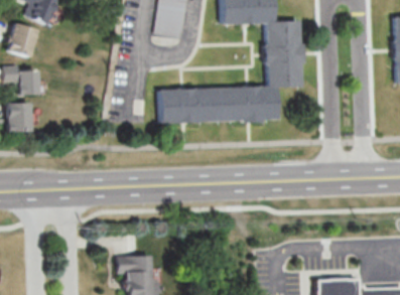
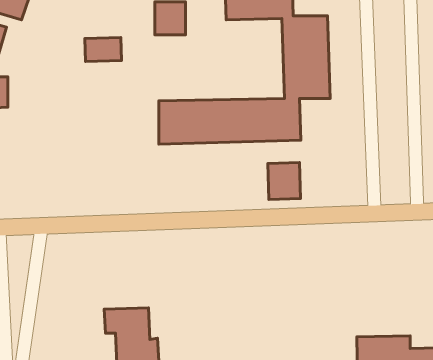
building: none -> [85,37,122,61]
building: none -> [268,163,301,200]

